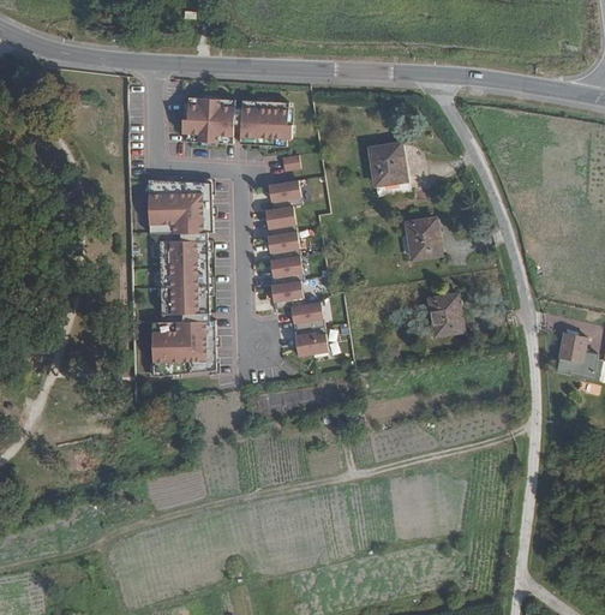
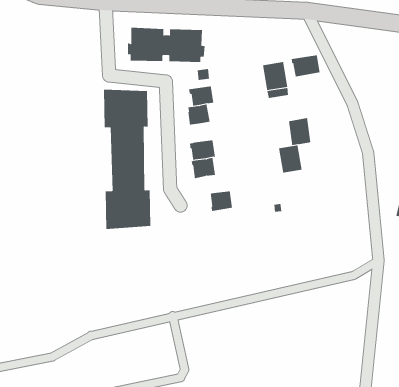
building: none -> [291,55,320,78]
building: [266,227,301,256] -> none
building: [427,297,461,336] -> [278,145,302,173]
building: [292,298,325,327] -> none

